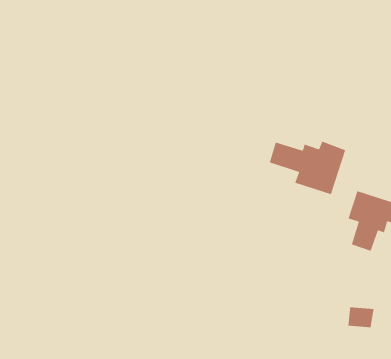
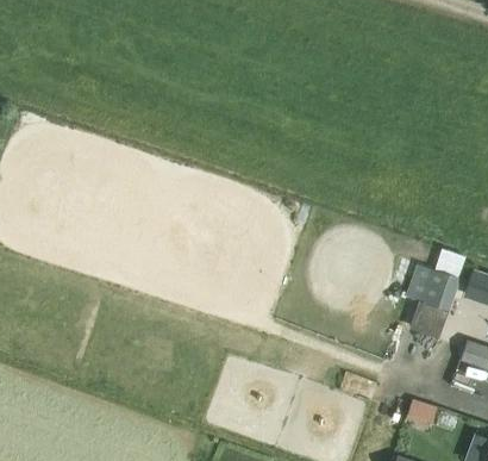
building: [269,141,346,195] -> none

